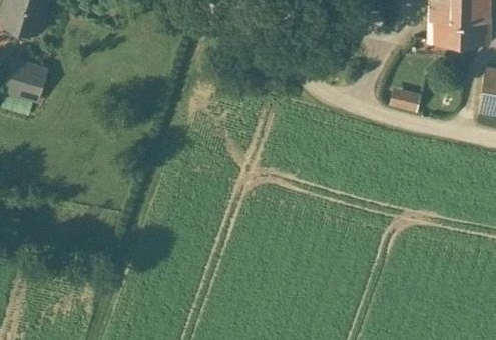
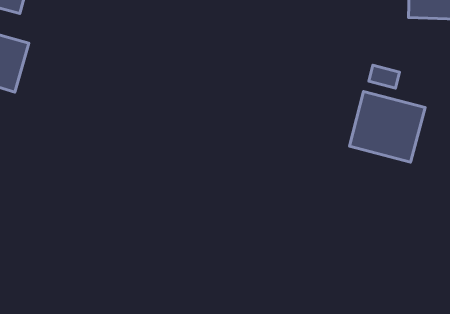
building: none -> [350,92,425,162]

